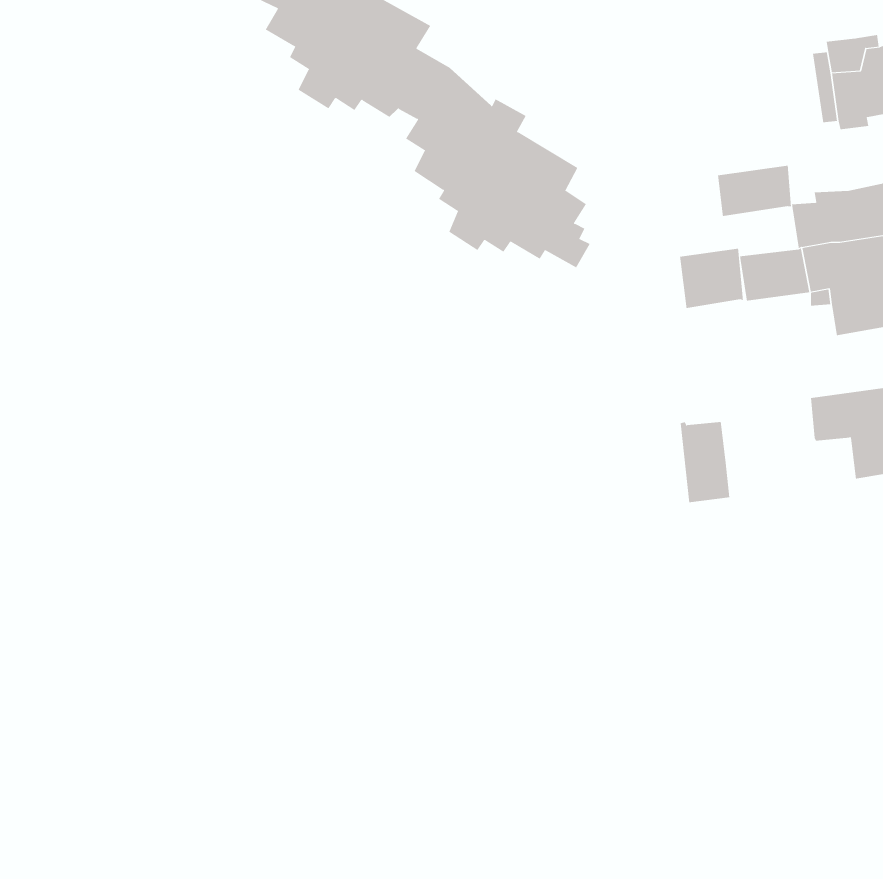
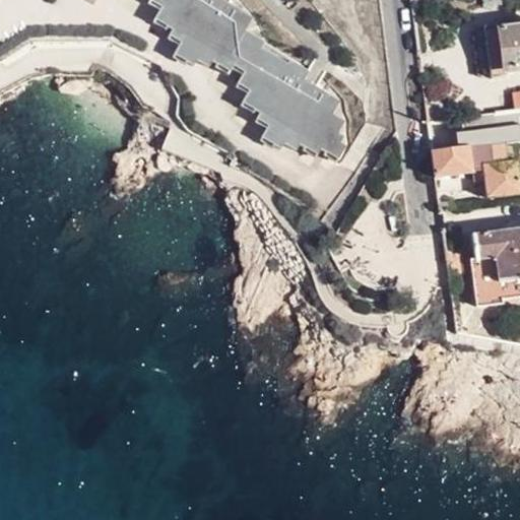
building: [717,165,791,217] -> none
building: [679,248,744,309] -> none
building: [680,421,730,503] -> [475,257,505,305]

